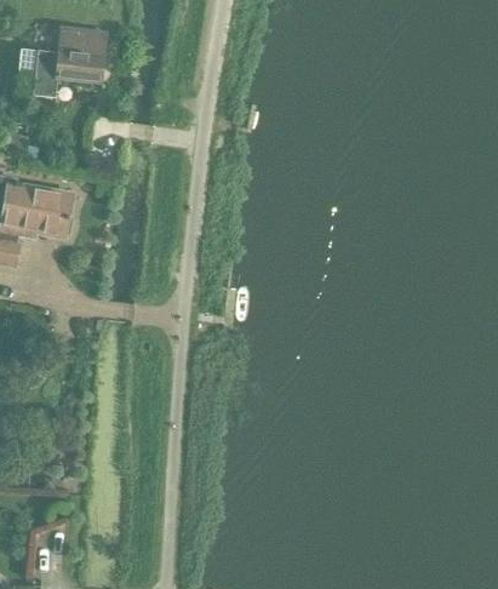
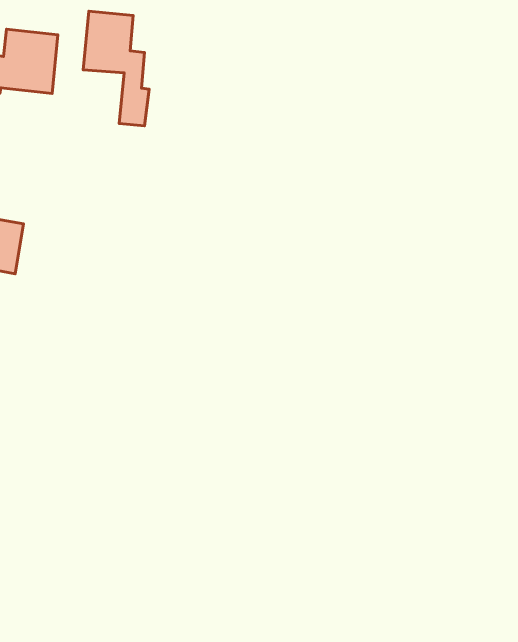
building: none -> [83,11,149,126]

